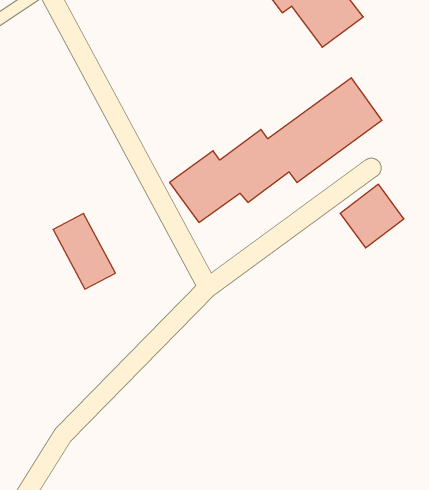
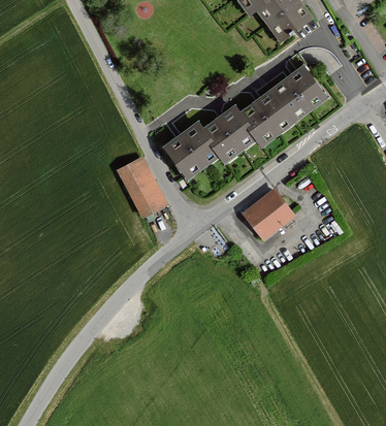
building: [340,184,404,248] -> [243,189,292,238]
building: [53,213,115,289] -> [116,156,164,215]

